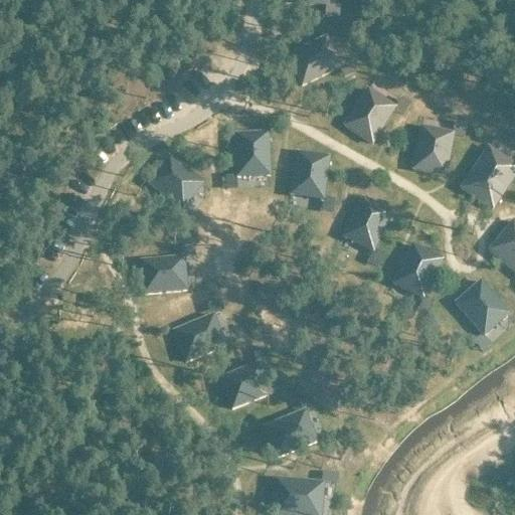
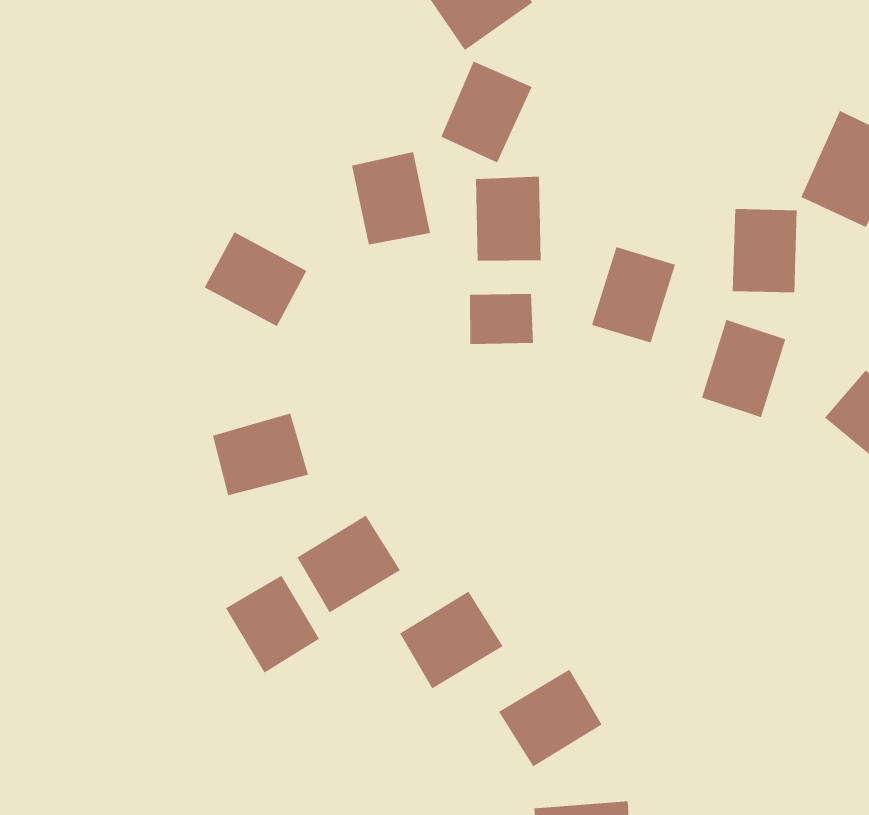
building: [346,88,397,142] -> [440,61,532,163]
building: [414,125,455,173] -> [732,208,797,293]
building: none -> [469,293,533,345]
building: none -> [225,575,320,674]

